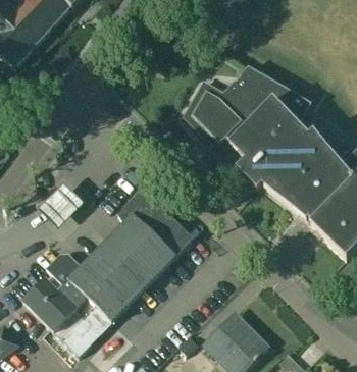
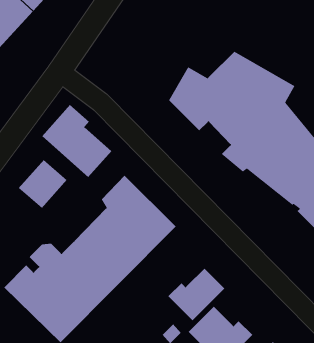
building: none -> [41,104,112,178]
building: none -> [167,268,225,321]

